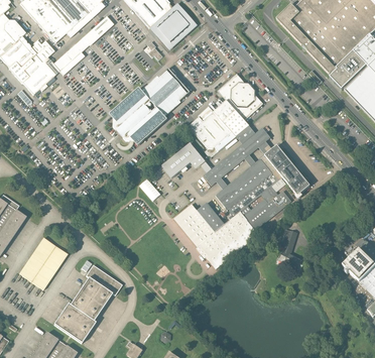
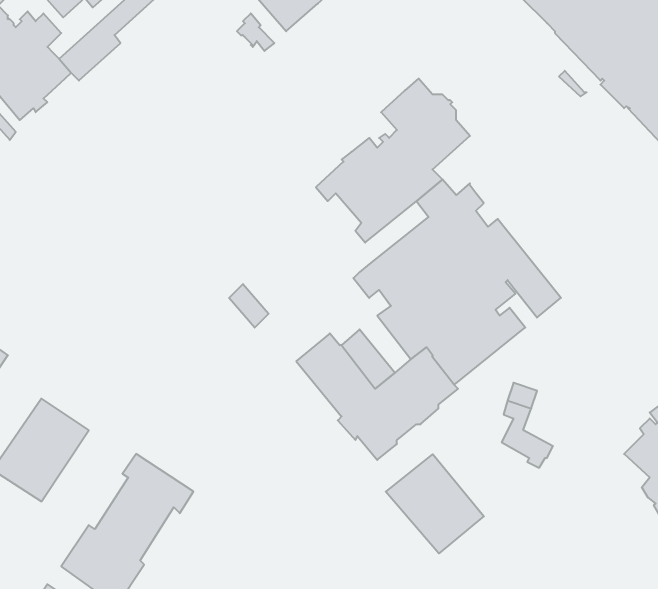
building: [110,70,188,145] -> none
building: [162,142,212,177] -> none
building: none -> [386,454,484,553]

